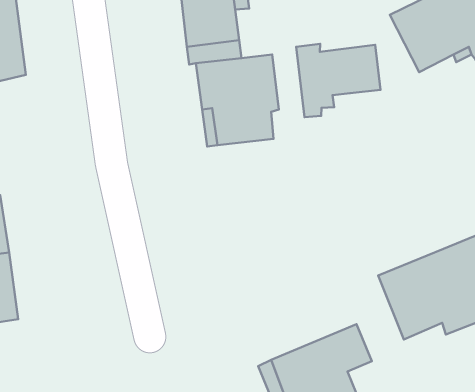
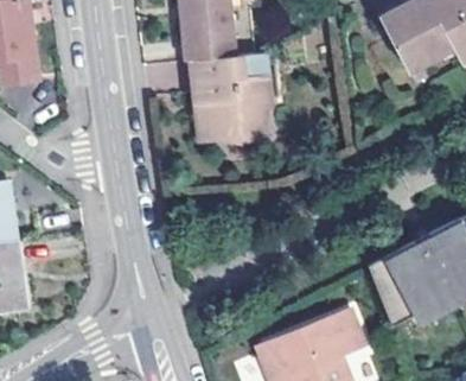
building: [296,44,381,117] -> none

